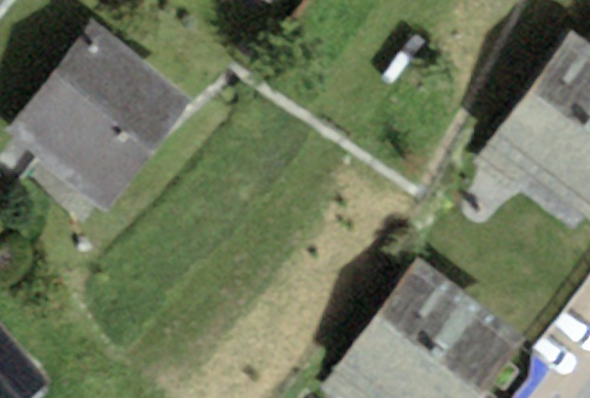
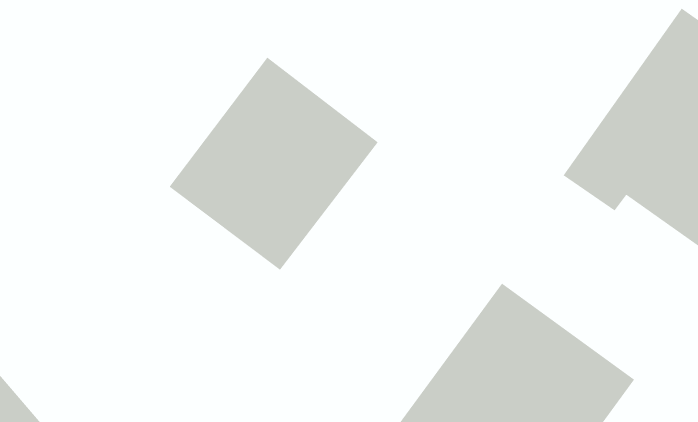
building: [8,28,183,206] -> [169,57,379,271]

